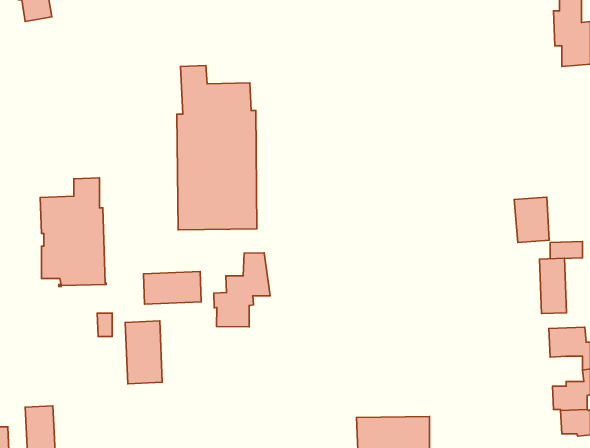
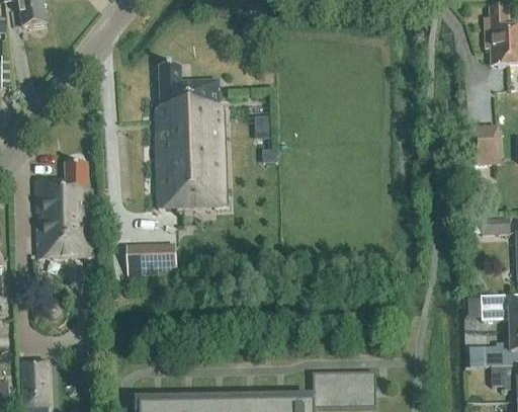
building: [514,197,549,242] -> [469,125,500,164]
building: [214,253,270,327] -> none
building: [539,258,566,314] -> none
building: [125,321,162,384] -> none

